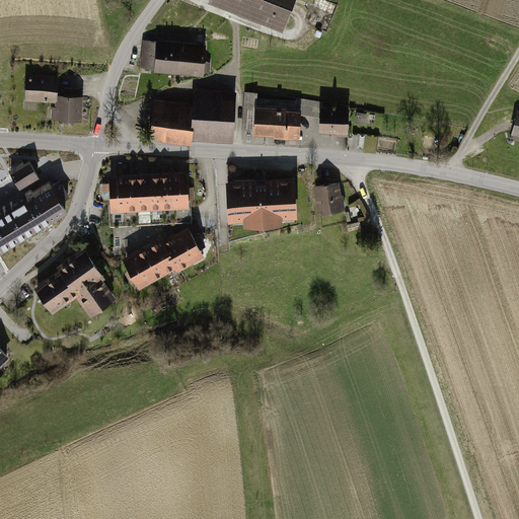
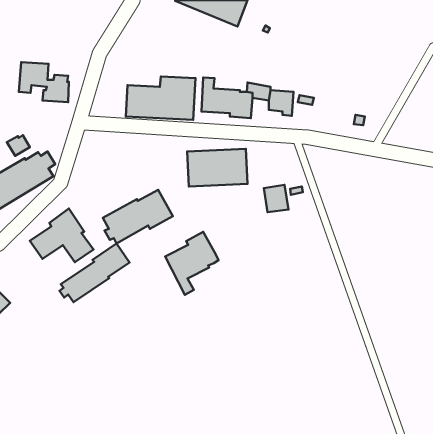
building: [139,42,210,77] -> none
building: [109,173,190,213] -> none
building: [312,182,342,215] -> [264,185,289,212]
building: none -> [165,232,218,295]
building: none -> [60,243,129,302]

